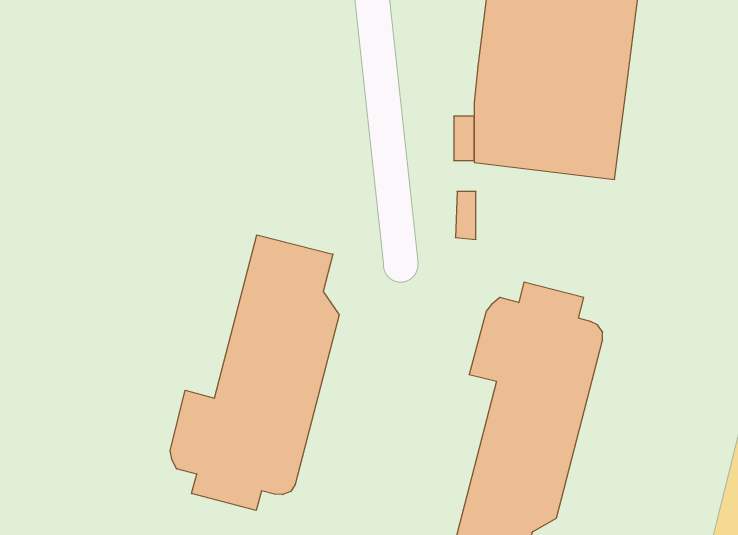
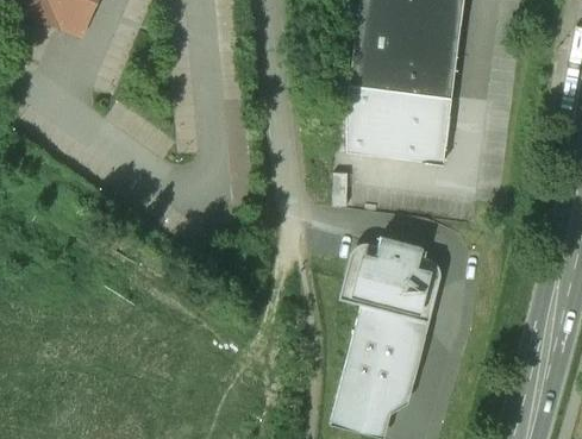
building: [170,235,339,510] -> none

